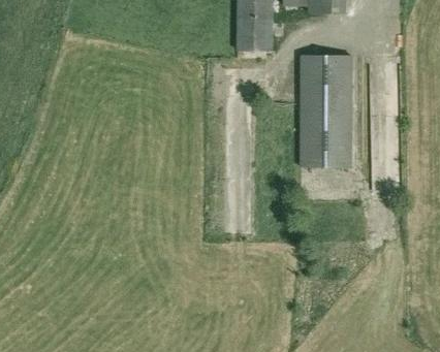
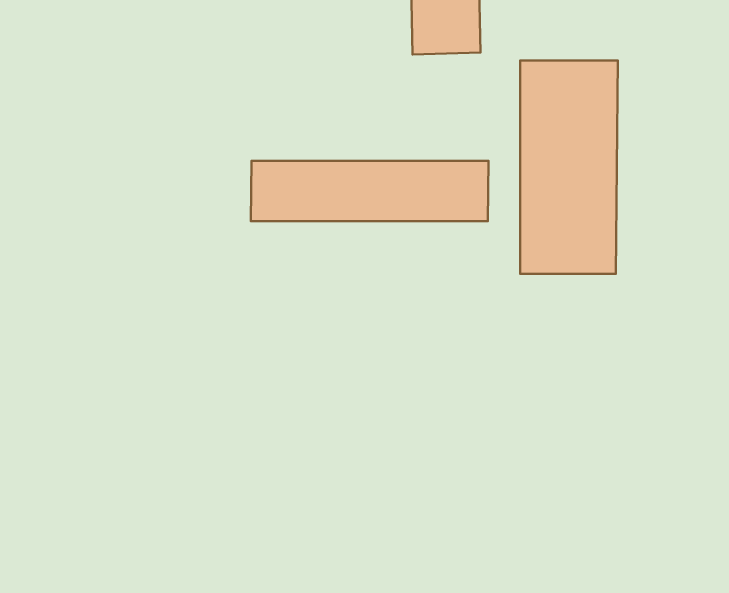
building: none -> [251,161,488,221]

